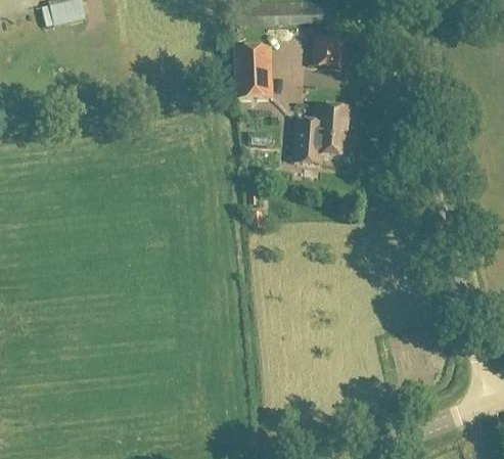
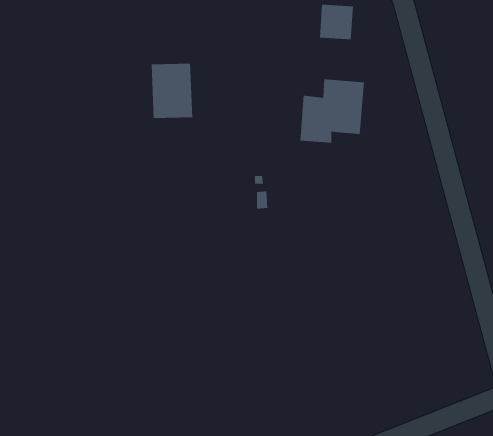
building: [233,45,273,97] -> [151,63,193,119]

